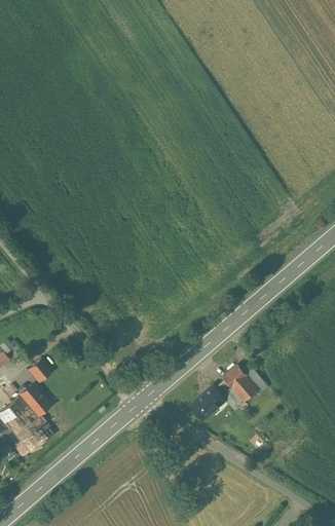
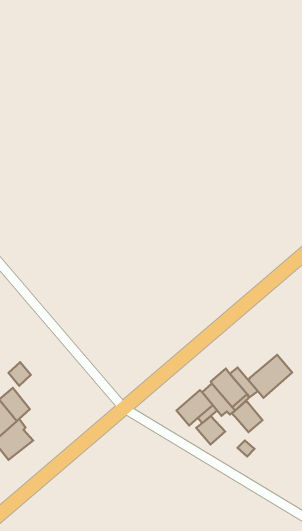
building: none -> [248,355,292,398]
building: none -> [232,401,263,432]
building: none -> [196,416,225,444]

